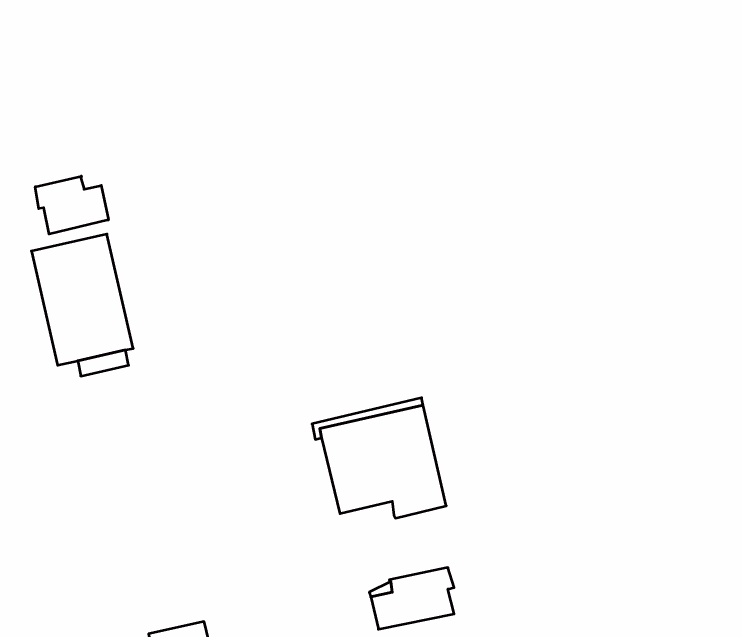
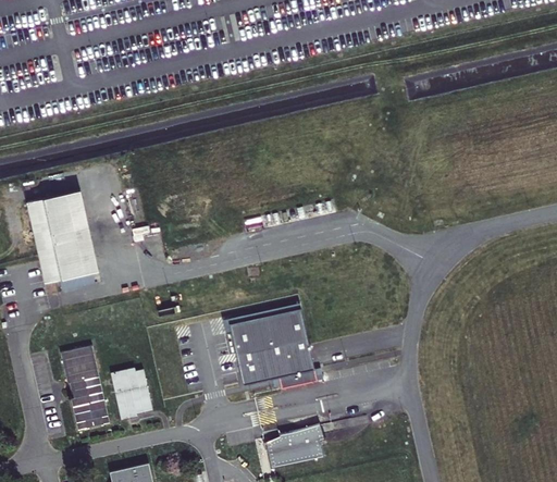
building: [35,176,108,234] -> none
building: none -> [60,345,108,430]
building: none -> [110,367,151,420]

